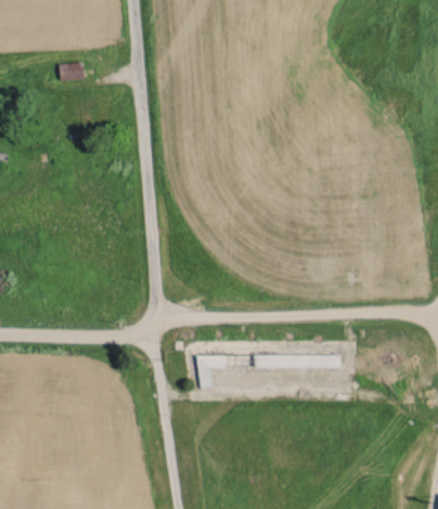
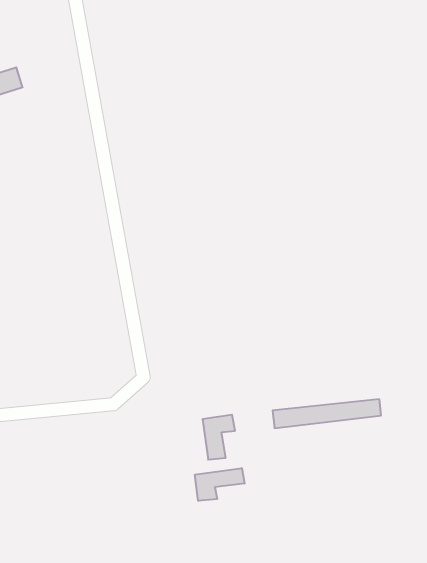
building: none -> [195,468,245,501]

